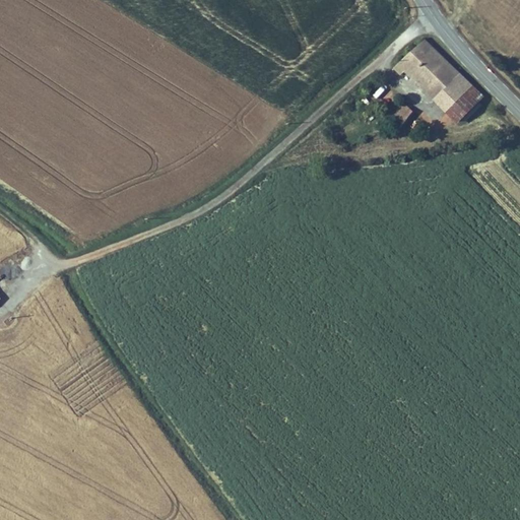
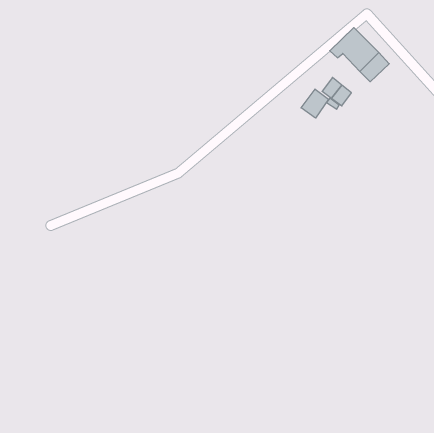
building: [444,83,477,115] -> none
building: none -> [301,89,329,118]

